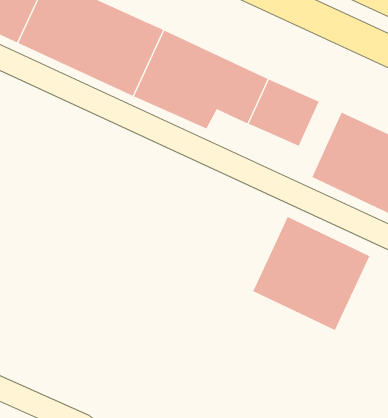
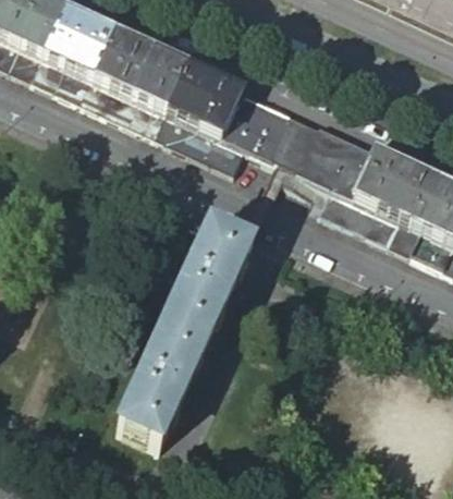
building: none -> [322,135,377,216]
building: none -> [120,220,255,440]
building: [252,216,370,331] -> none

